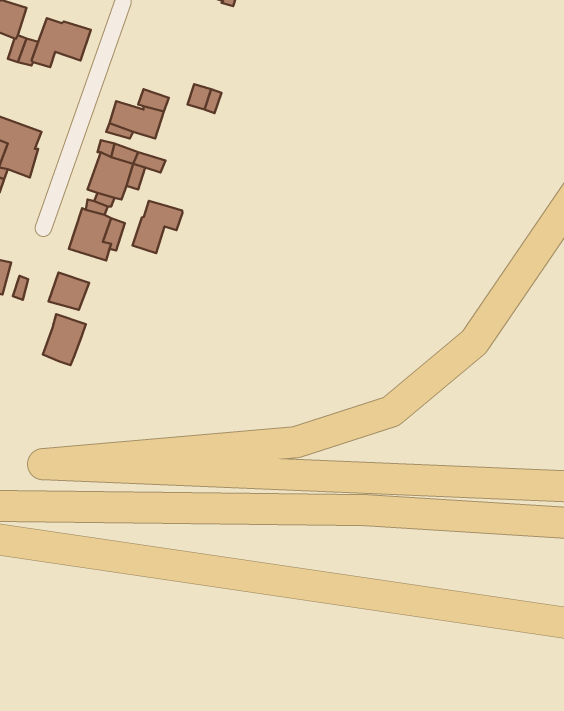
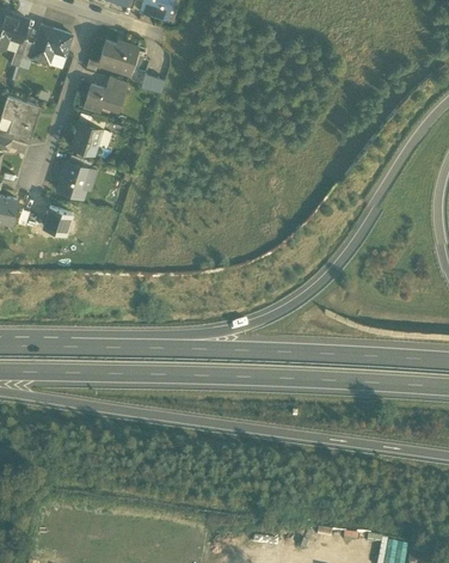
building: none -> [98,41,139,73]
building: [133,201,182,253] -> none
building: [43,314,86,365] -> none

